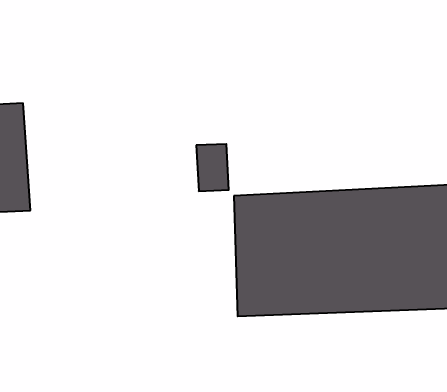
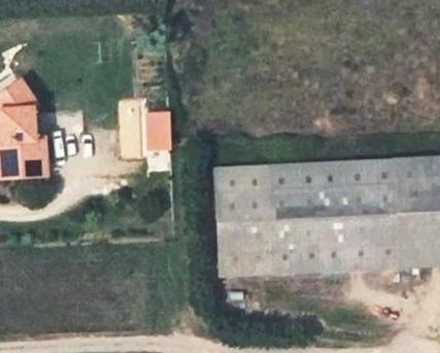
building: [196,144,229,191] -> [145,113,173,153]

